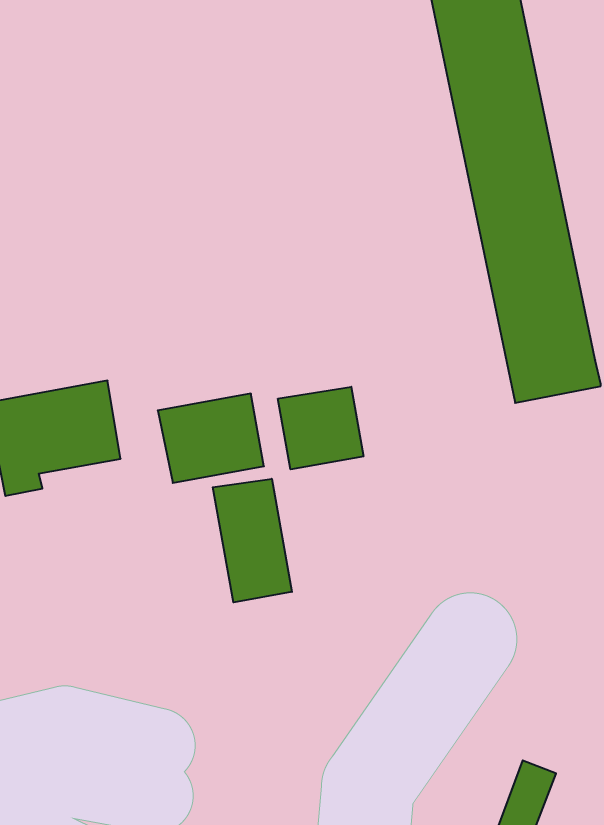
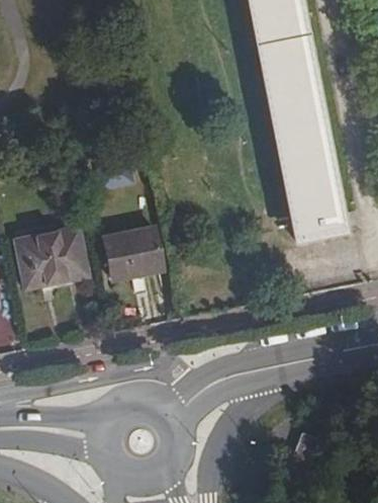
building: [278,387,363,469] -> none
building: [213,479,292,602] -> none

